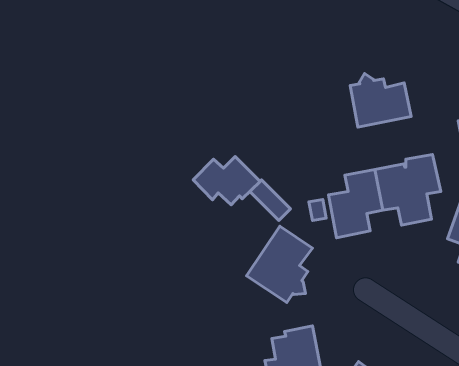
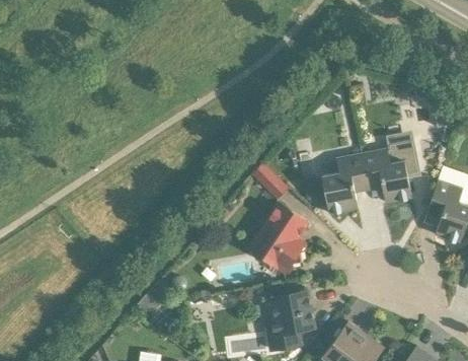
building: [350,74,411,127] -> none
building: [193,156,260,205] -> none

